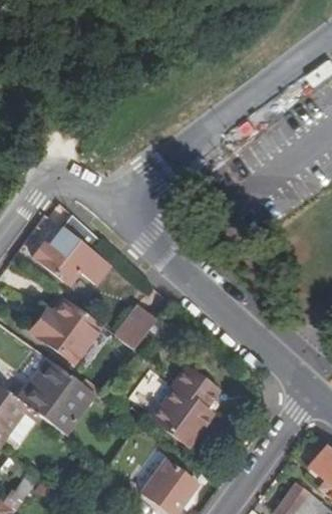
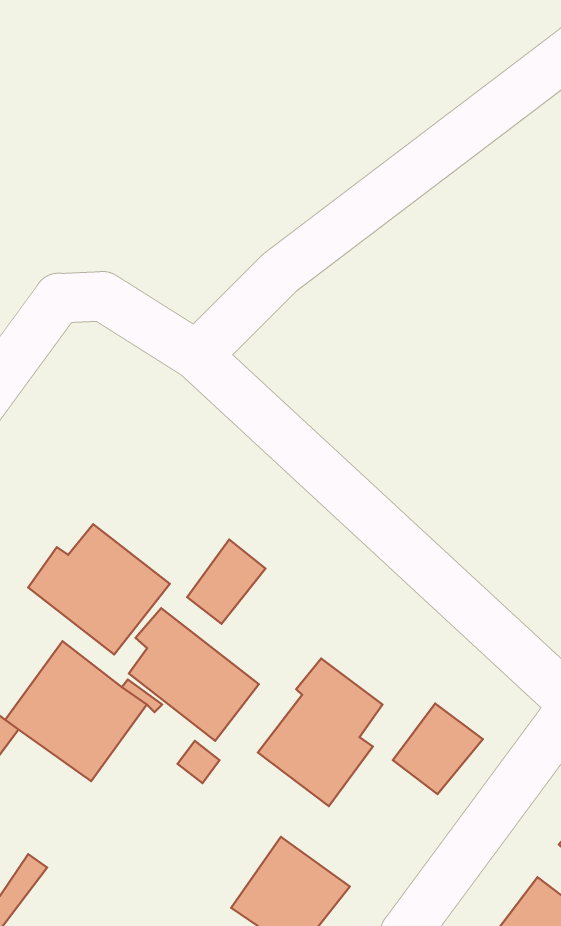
building: [39,215,108,284] -> none
building: none -> [129,608,259,741]
building: none -> [393,703,483,794]

